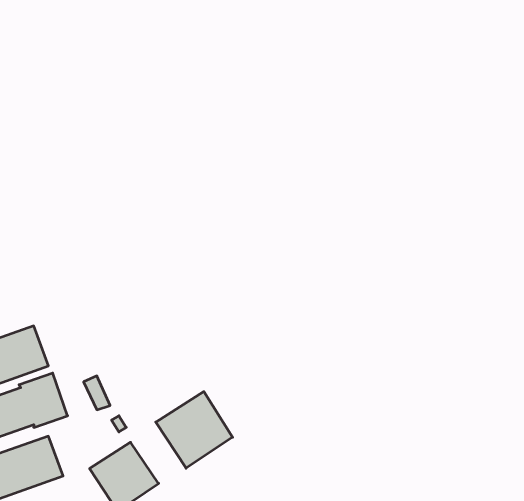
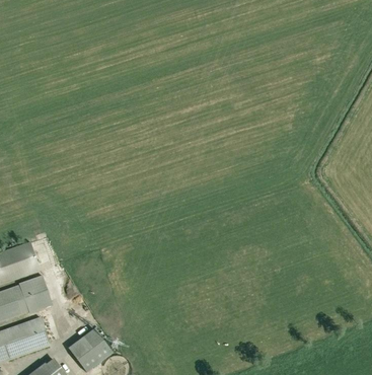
building: [156,392,233,468] -> none

